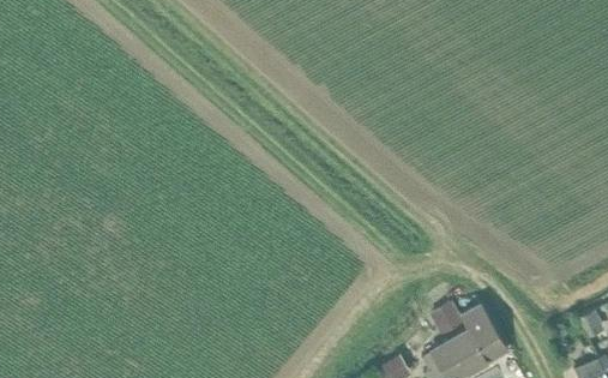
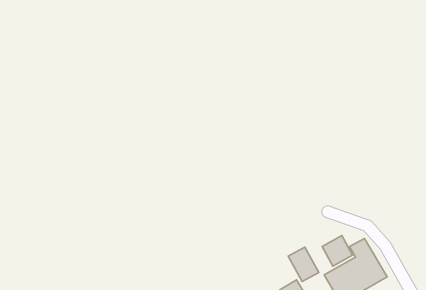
building: none -> [288,247,319,282]

